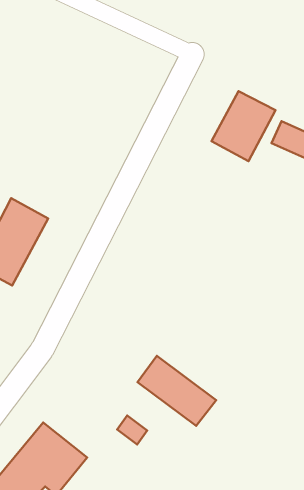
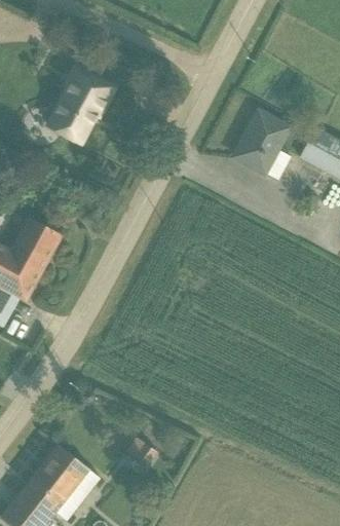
building: none -> [41,64,117,146]
building: [138,356,216,426] -> none

